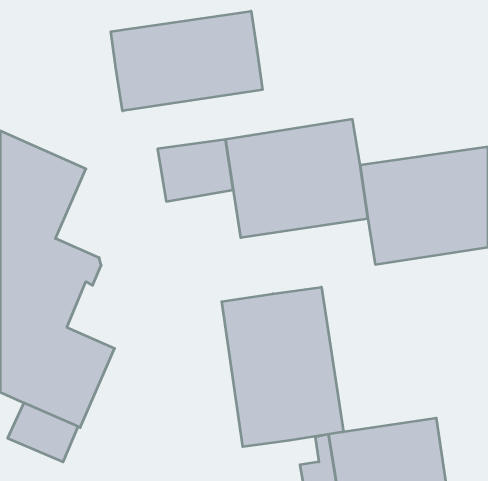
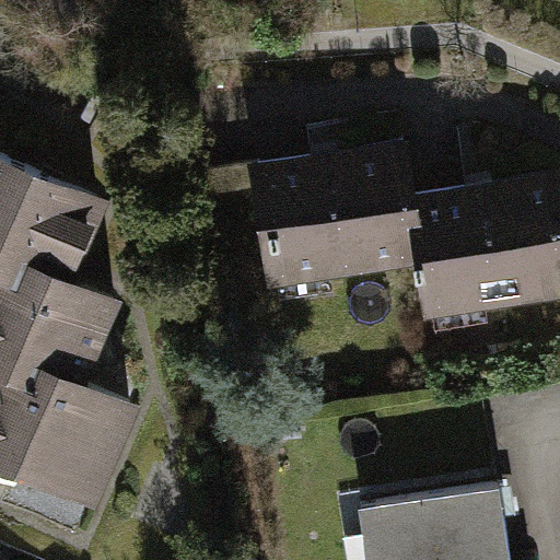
building: [111,11,262,111] -> none
building: [222,287,343,447] -> none

